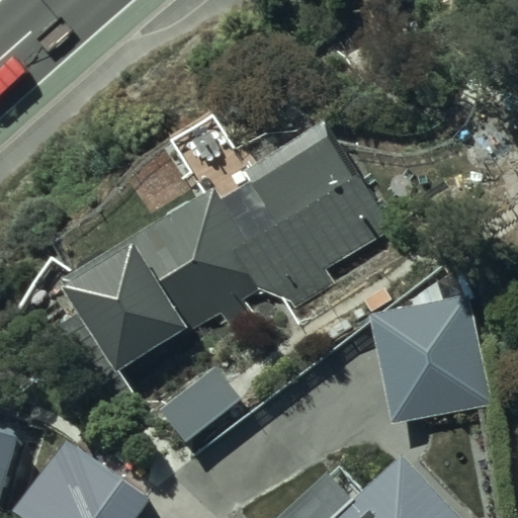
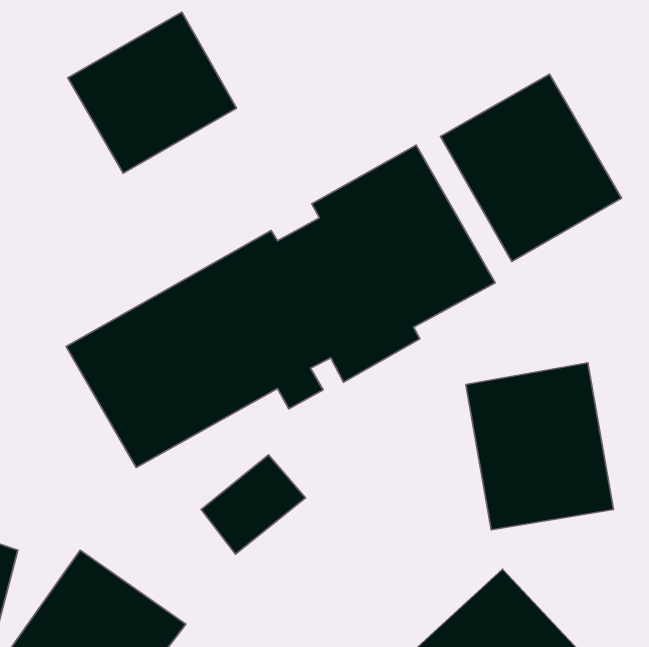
building: none -> [68,12,237,173]
building: none -> [440,74,622,261]

